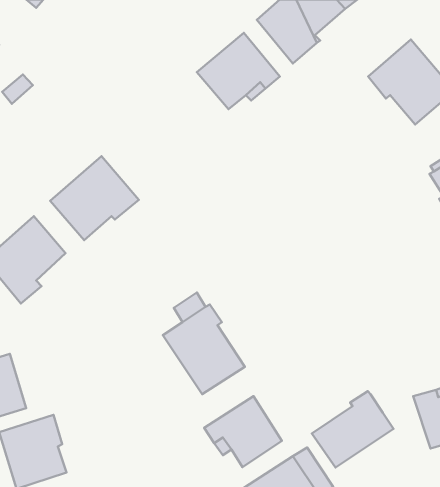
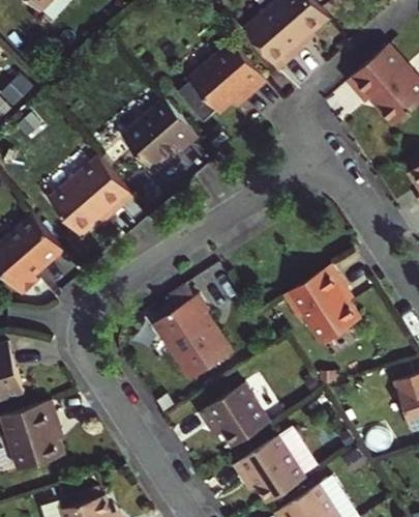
building: none -> [122,97,198,168]
building: none -> [285,264,357,334]
building: [312,391,394,467] -> none

